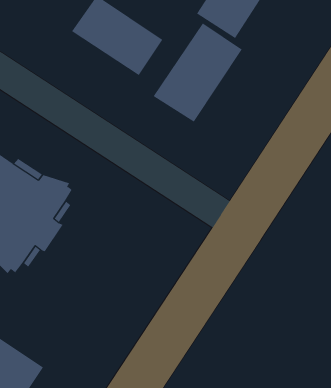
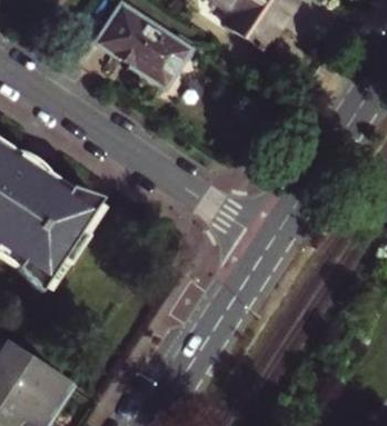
building: [153,22,243,123] -> none

